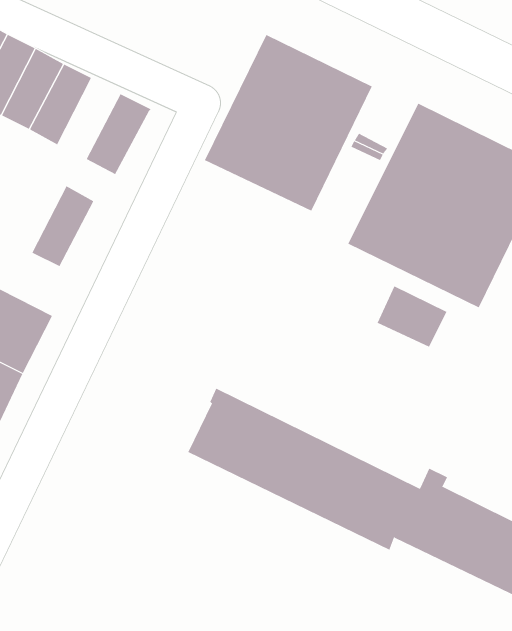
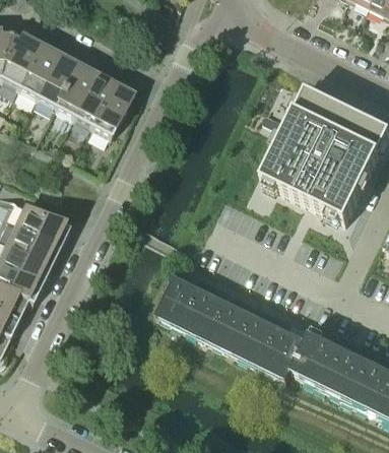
building: [204,34,373,212] -> none
building: [32,185,94,267] -> [71,73,112,126]
building: [377,286,447,348] -> none

